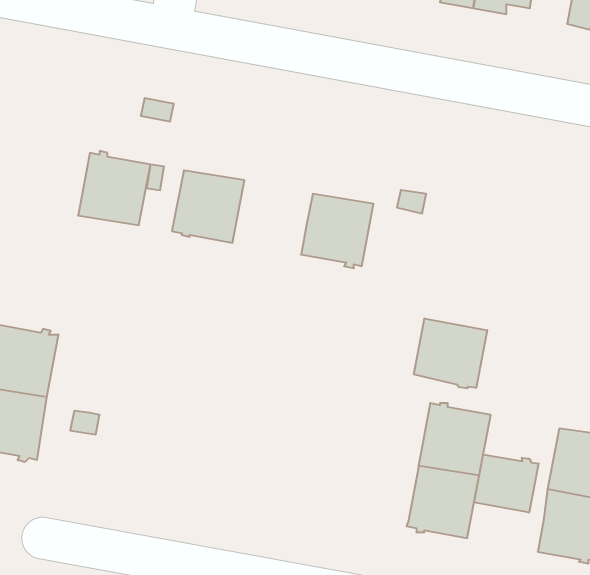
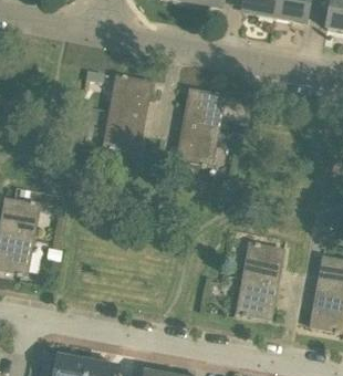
building: none -> [184,87,225,128]
building: [78,151,150,225] -> [111,73,152,115]
building: [414,318,487,388] -> none
building: [474,455,539,513] -> none

